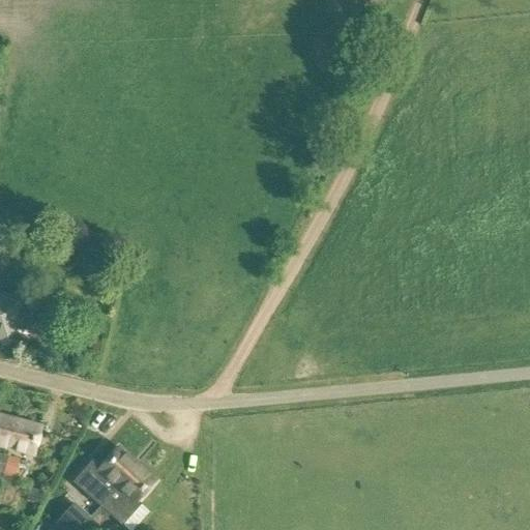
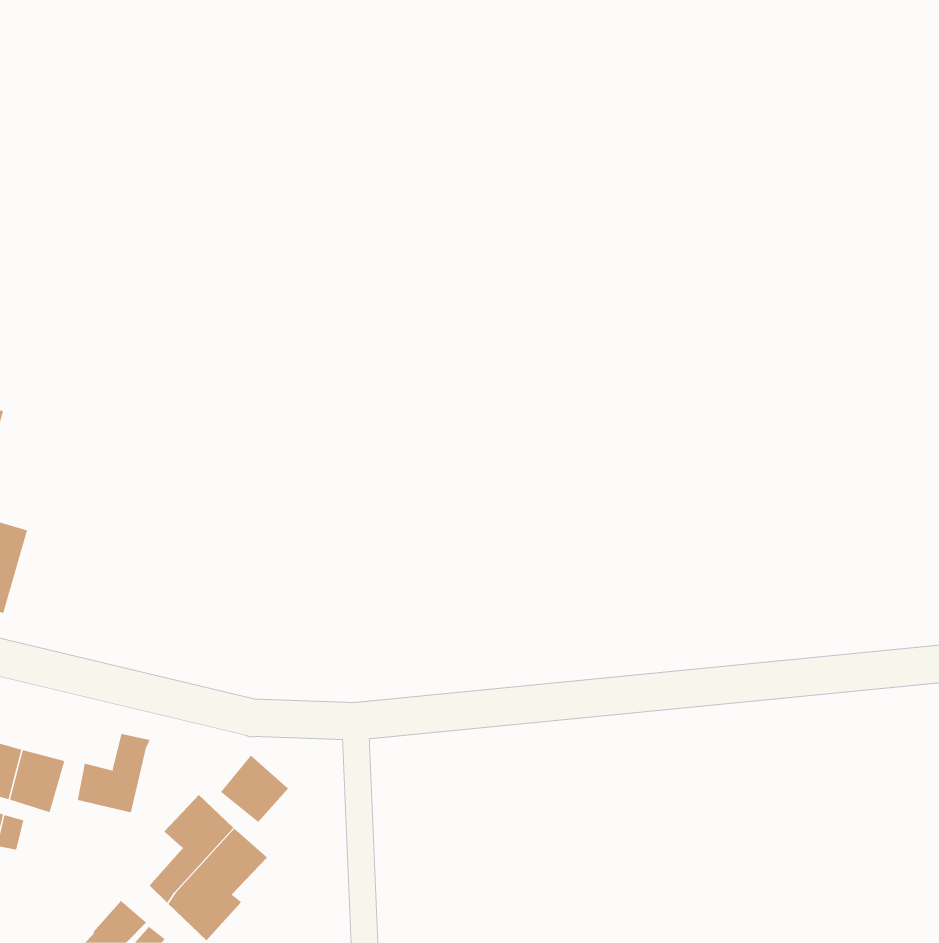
building: none -> [77,733,151,813]
building: none -> [220,755,289,823]

